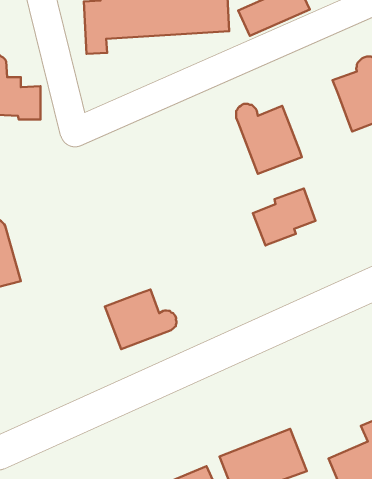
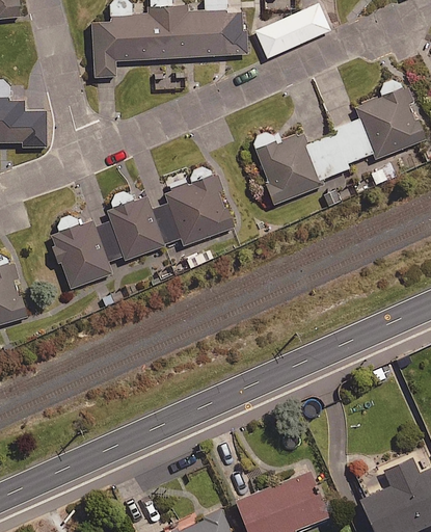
building: none -> [51,166,231,288]
building: [253,188,316,246] -> [306,119,373,180]
building: [105,289,177,349] -> none

